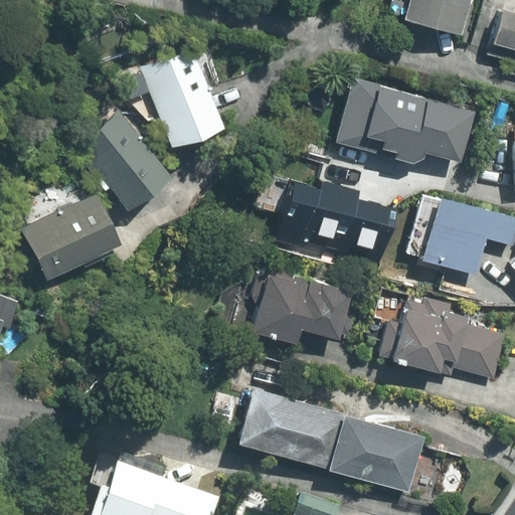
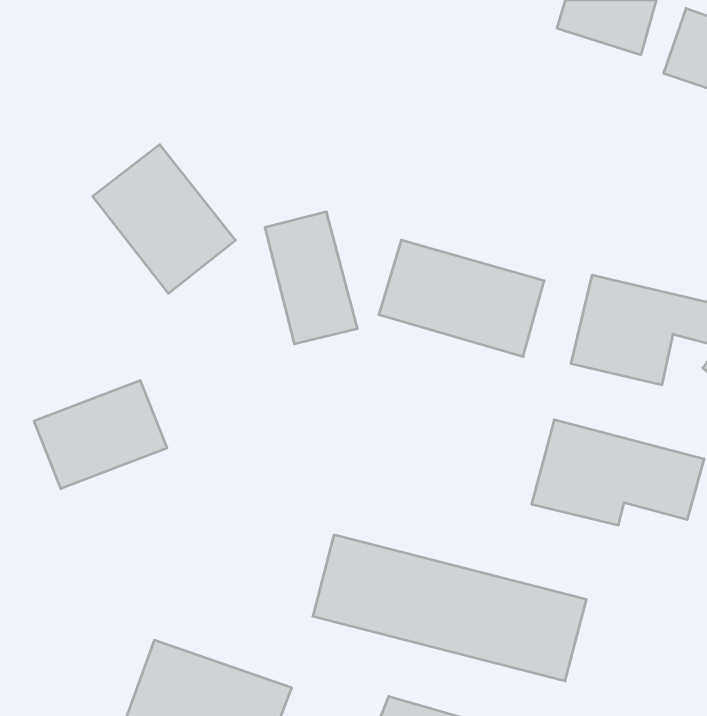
building: [150,55,216,150] -> [265,212,357,344]
building: [332,75,480,184] -> none
building: [19,200,115,278] -> [34,380,167,489]
building: [244,265,353,349] -> none

